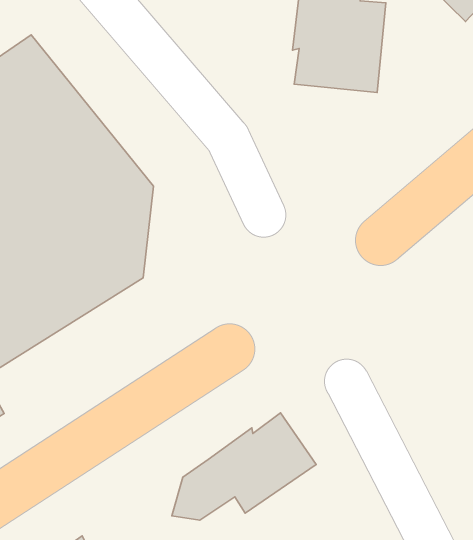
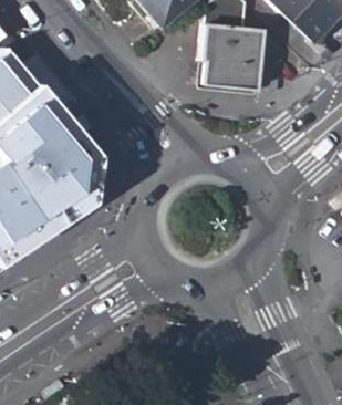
building: [172,413,316,520] -> none

